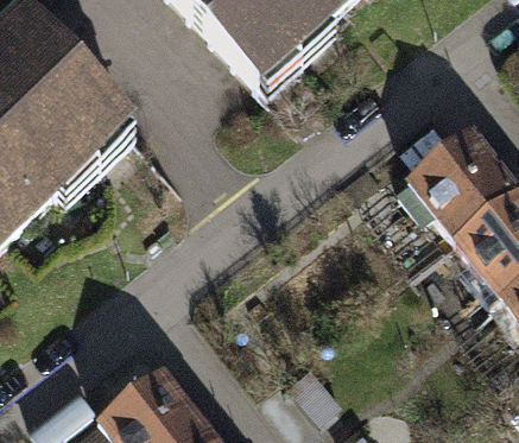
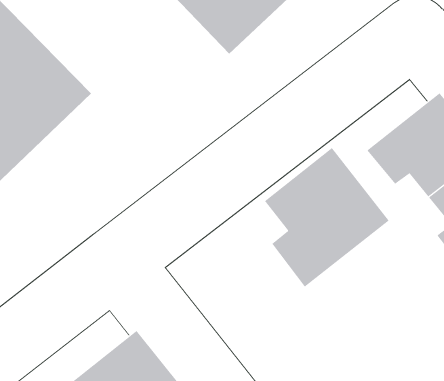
building: none -> [264,147,389,288]

